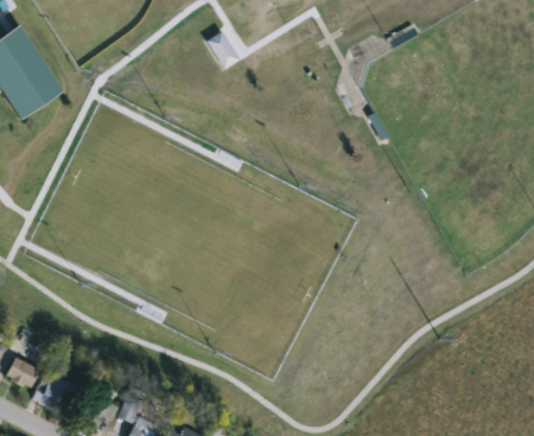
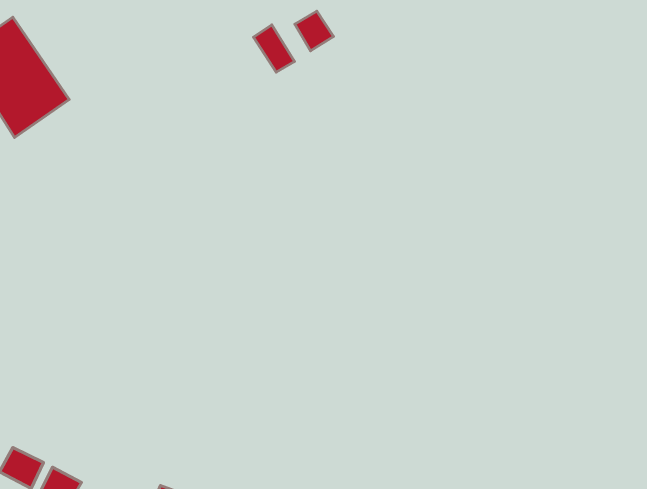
building: none -> [295,11,333,51]

